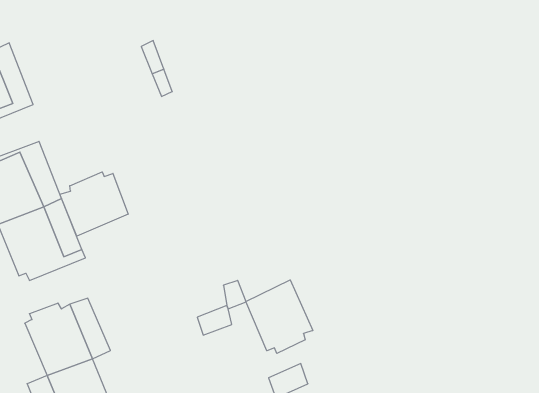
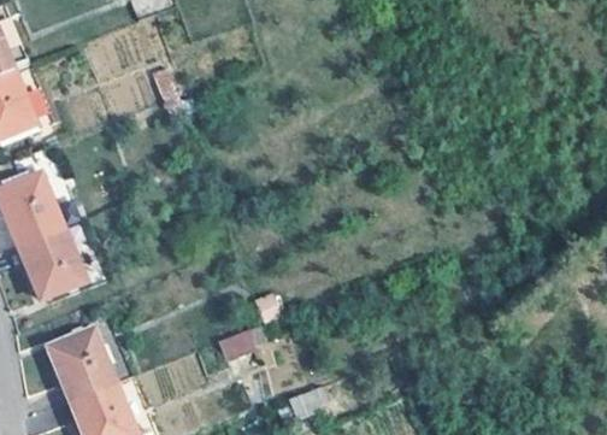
building: [60,172,128,236] -> none
building: [246,280,313,353] -> none

